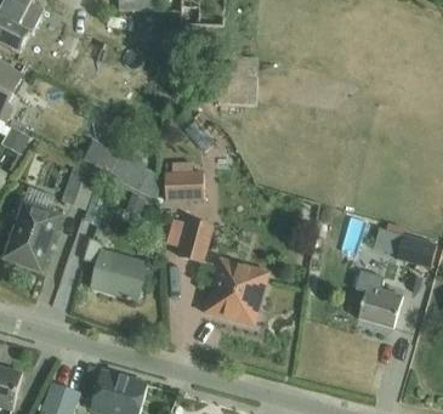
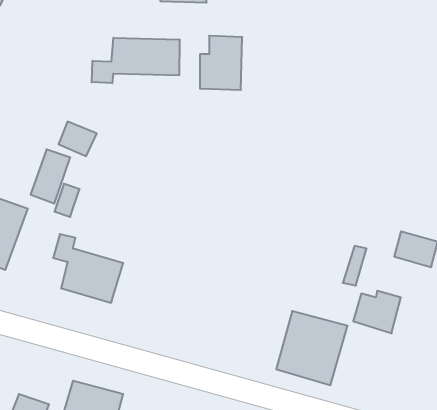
building: none -> [92,38,179,83]
building: [164,169,204,202] -> none
building: [178,220,212,262] -> none
building: [204,259,269,327] -> [276,311,348,385]

